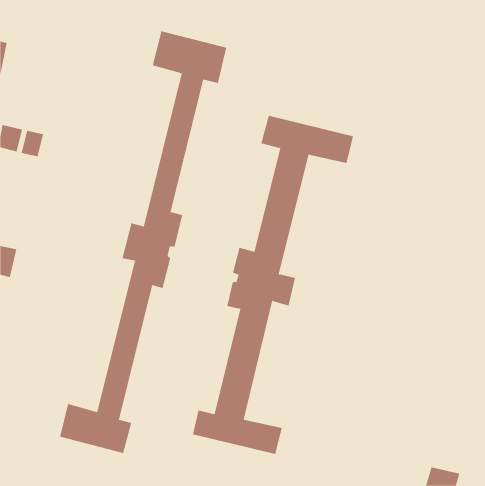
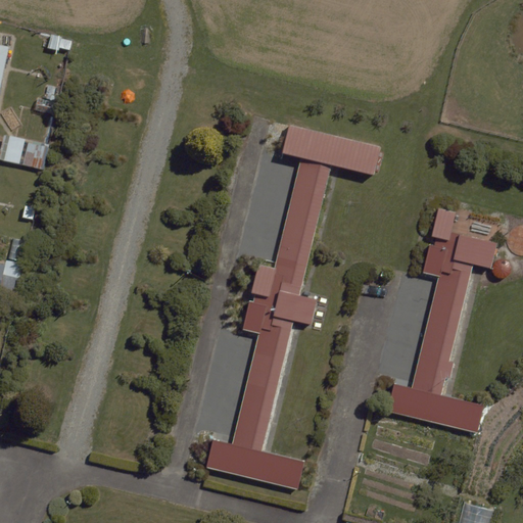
building: [59,31,227,454] -> none
building: none -> [387,210,496,433]

